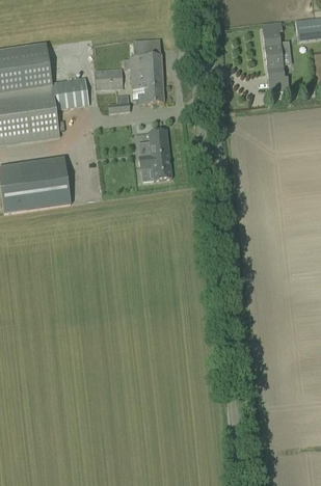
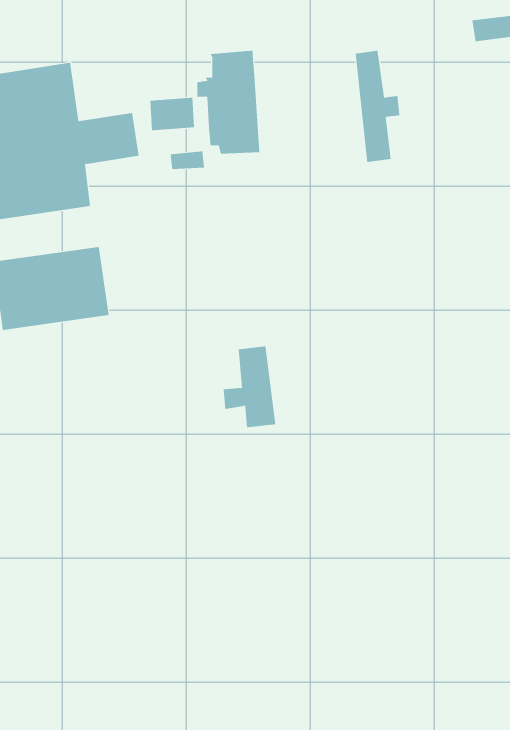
building: [263,21,291,90] -> [355,50,400,163]
building: [139,128,172,179] -> [223,346,276,428]

